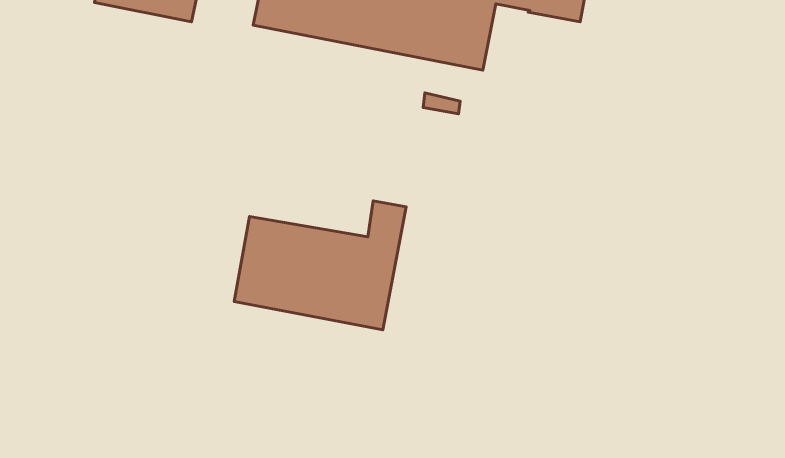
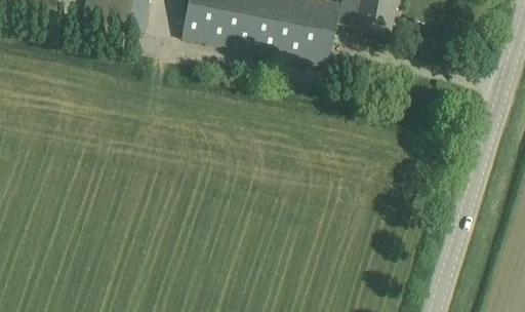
building: [234,201,406,330] -> none

